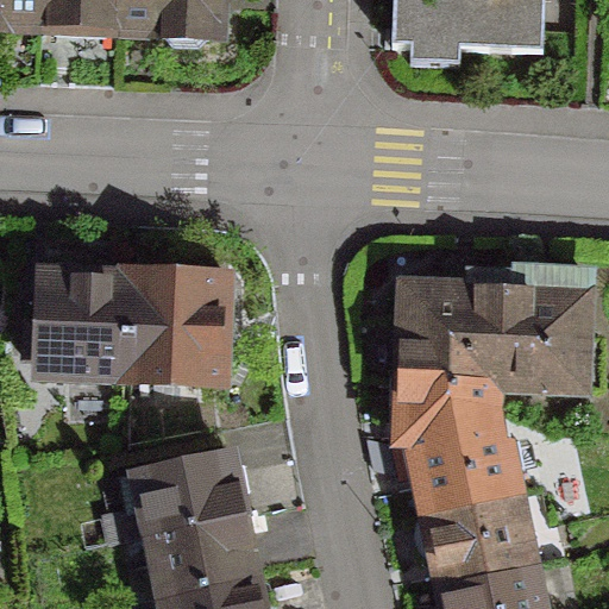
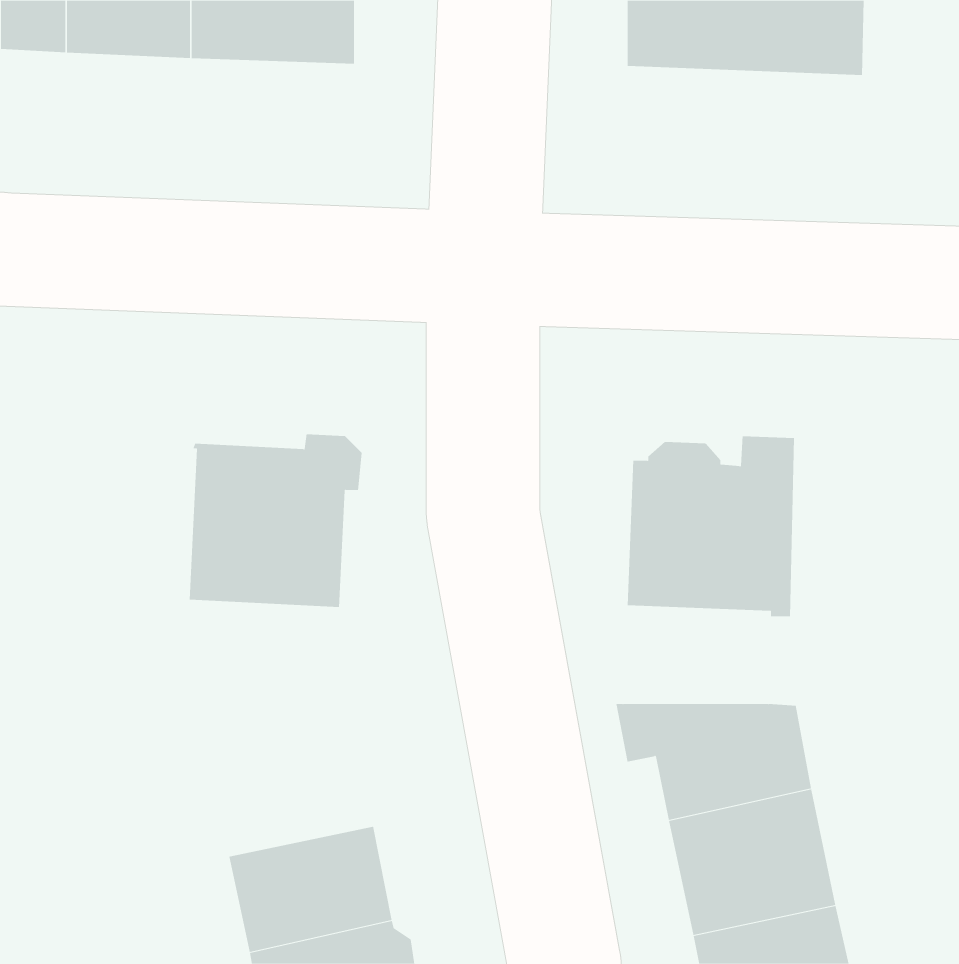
building: [23,270,127,378] -> none
building: [502,276,597,394] -> none
building: [396,382,489,444] -> none
building: [134,459,244,540] -> none

